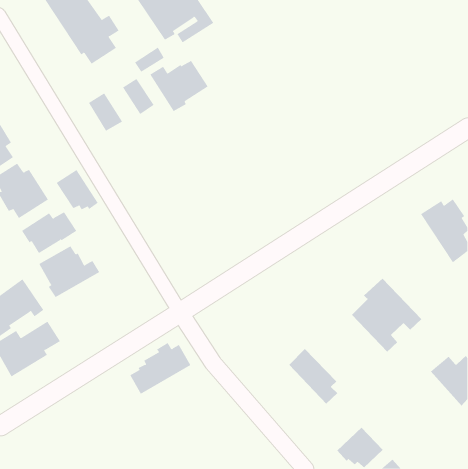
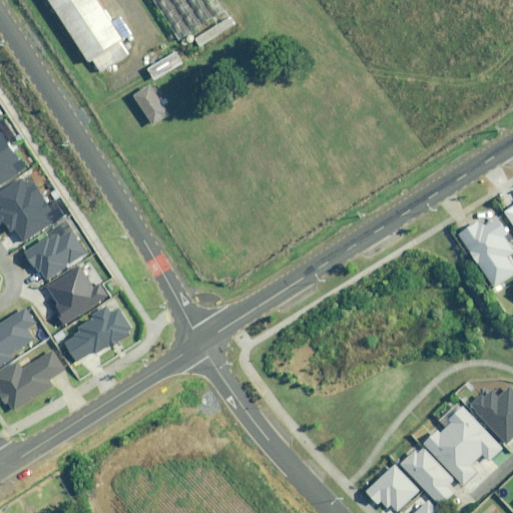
building: [149,60,208,112] -> none
building: [88,92,123,132] -> none
building: [56,169,99,210] -> none
building: [351,278,422,352] -> [424,403,501,484]
building: [130,342,191,395] -> [64,307,131,364]
building: [288,348,338,404] -> [399,443,453,504]

